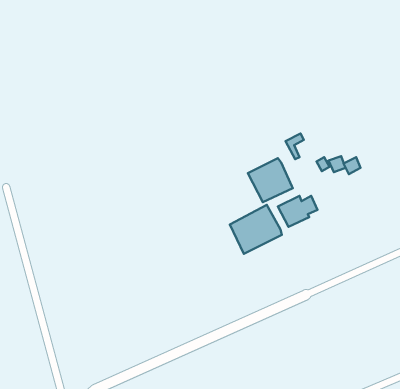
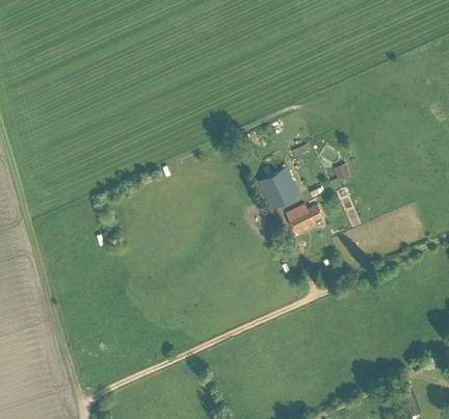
building: [230,205,282,254] -> none

